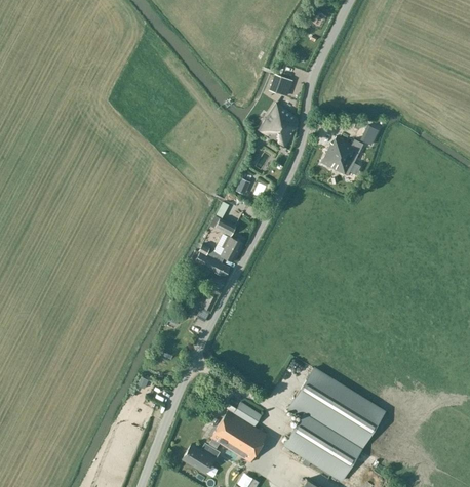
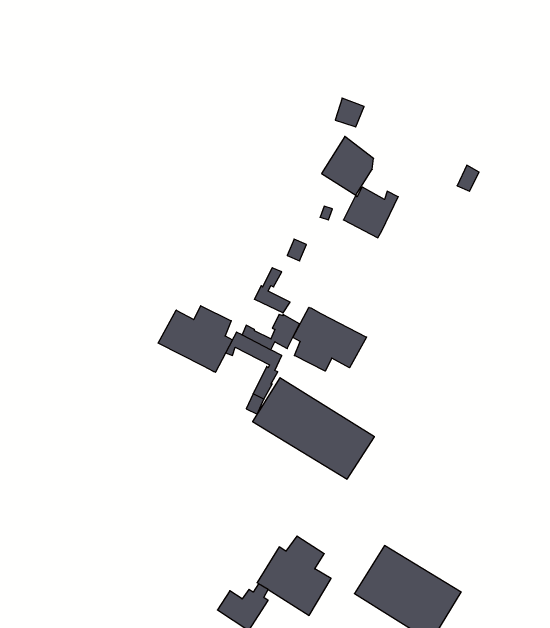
building: [322,137,363,175] -> [343,187,398,238]
building: none -> [158,306,232,372]
building: none -> [293,307,367,371]
building: [293,369,385,445] -> [253,378,374,479]

